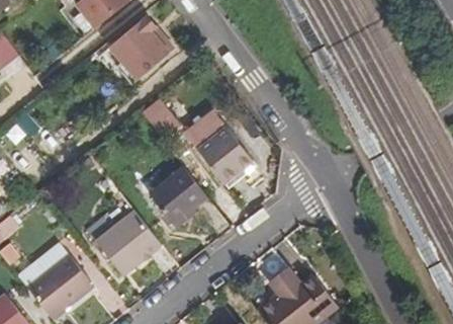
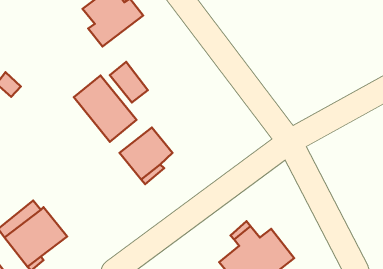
building: [184,113,251,184] -> [74,75,136,142]
building: [98,214,161,275] -> none

